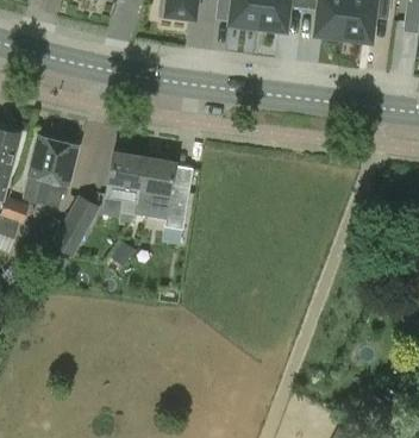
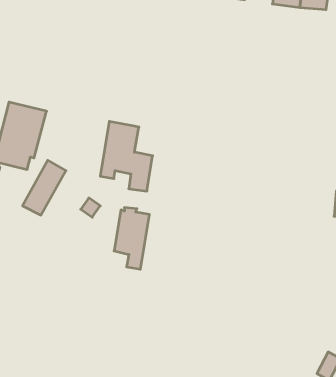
building: [107,149,144,213] -> [114,208,149,269]

